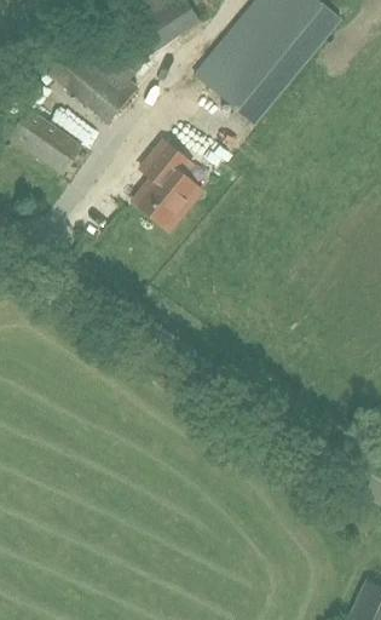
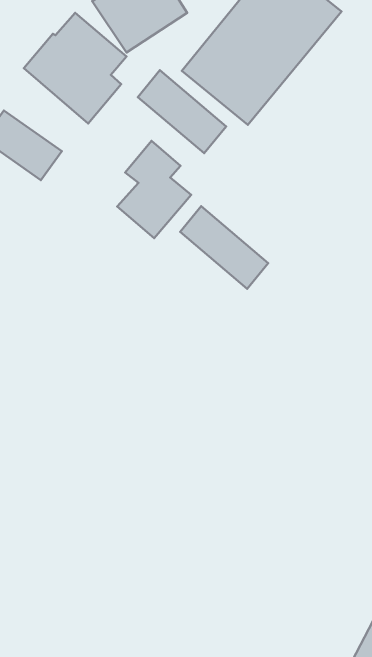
building: none -> [138,70,226,153]
building: none -> [180,206,268,289]

